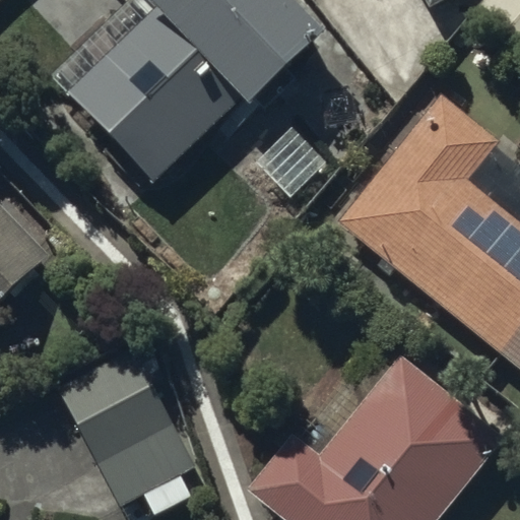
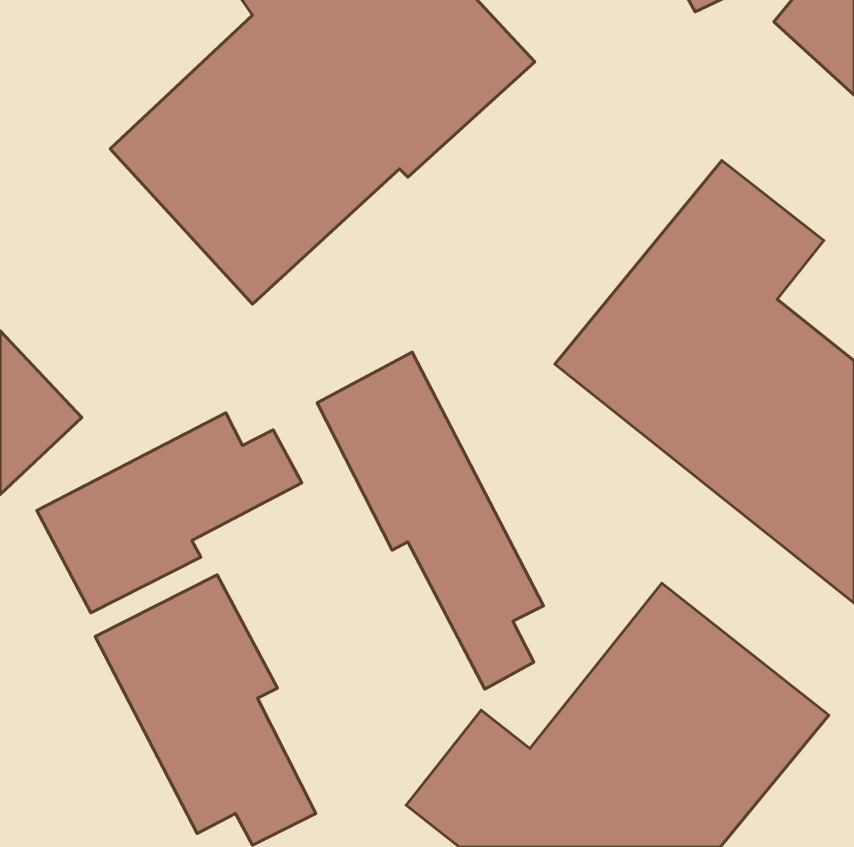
building: none -> [317,352,543,689]
building: none -> [37,413,302,613]

